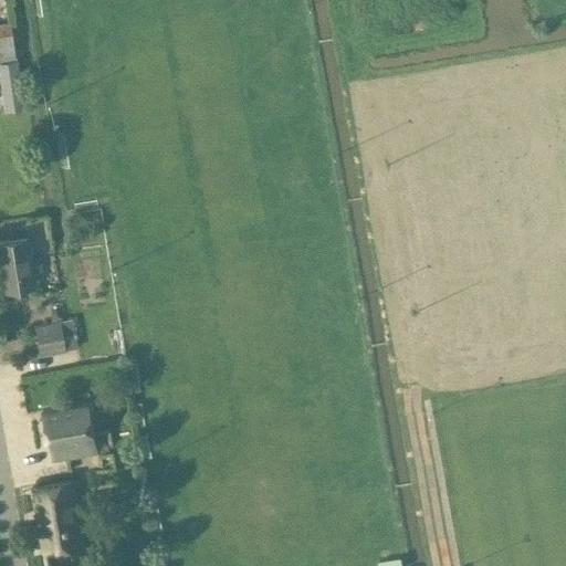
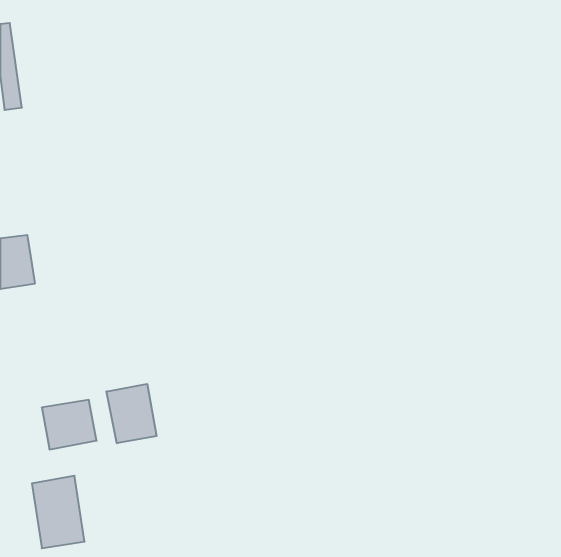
building: [34,326,63,358] -> none
building: none -> [106,384,157,443]

